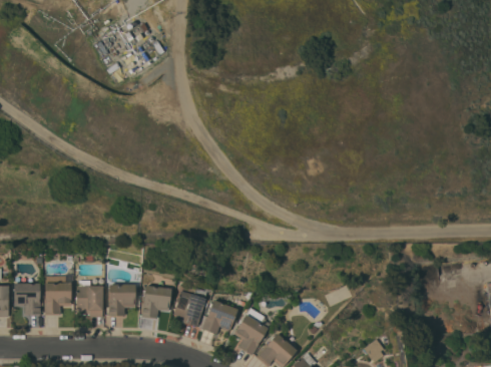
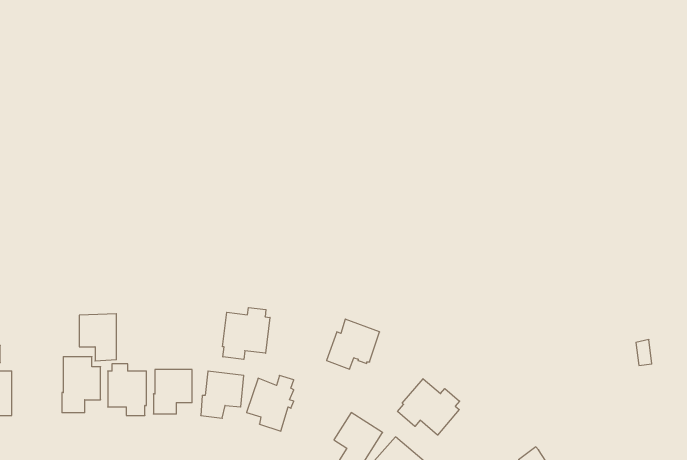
building: none -> [223,308,270,359]
building: [14,283,40,316] -> [79,314,116,361]
building: none -> [398,379,460,435]
building: [200,300,237,335] -> [327,319,380,369]

